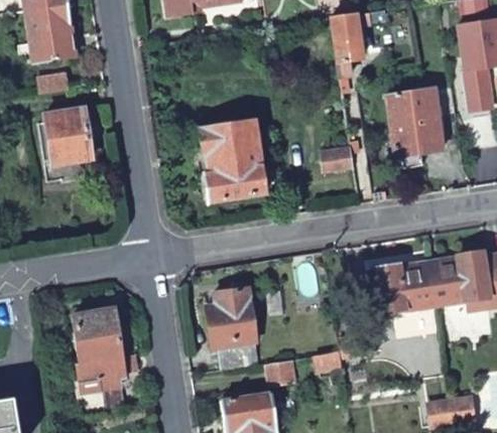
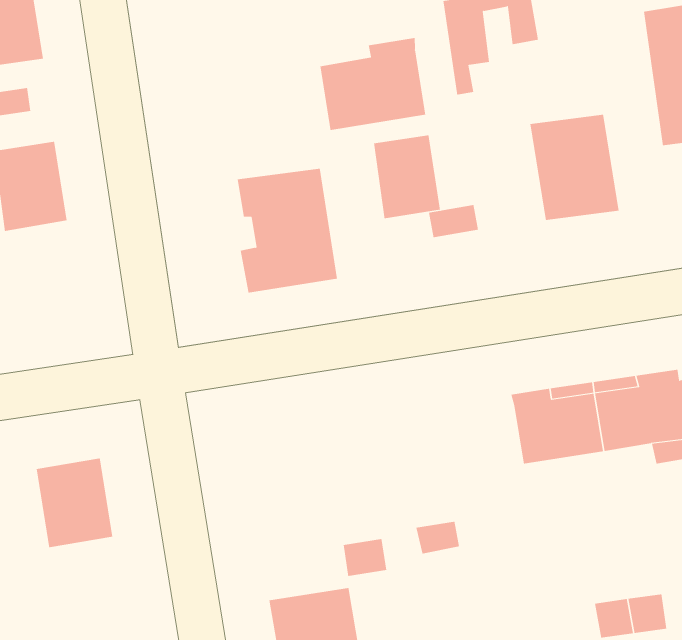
building: none -> [320,37,426,131]
building: none -> [373,134,441,219]
building: [208,287,257,368] -> none
building: [74,358,124,415] -> none

